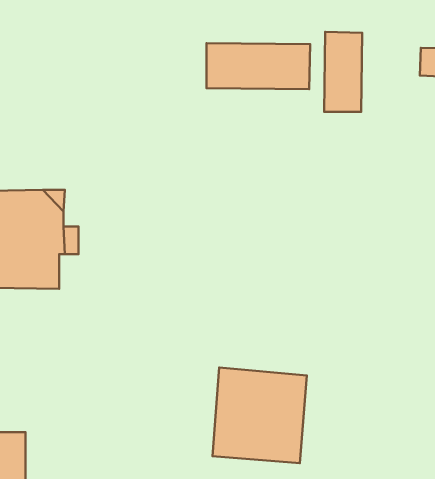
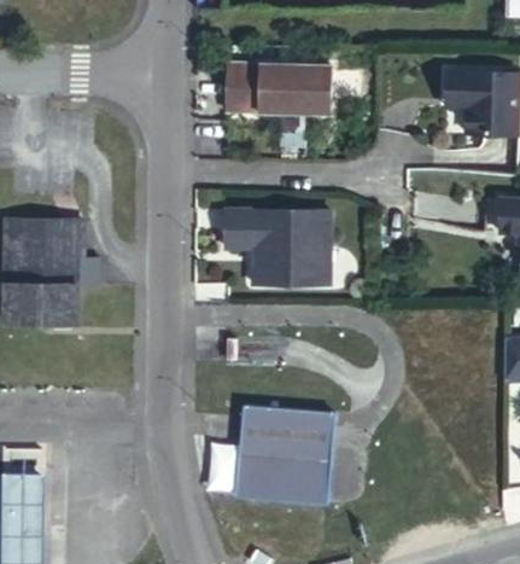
building: [324,32,362,112] -> none
building: none -> [224,208,334,283]

